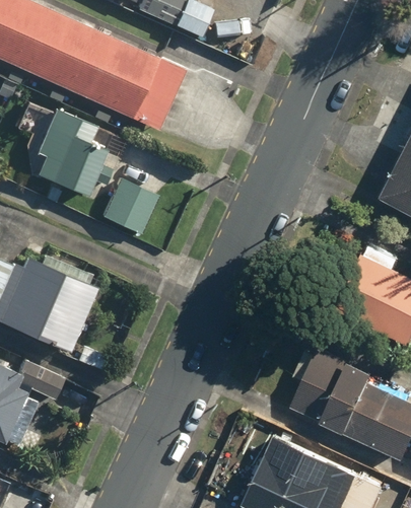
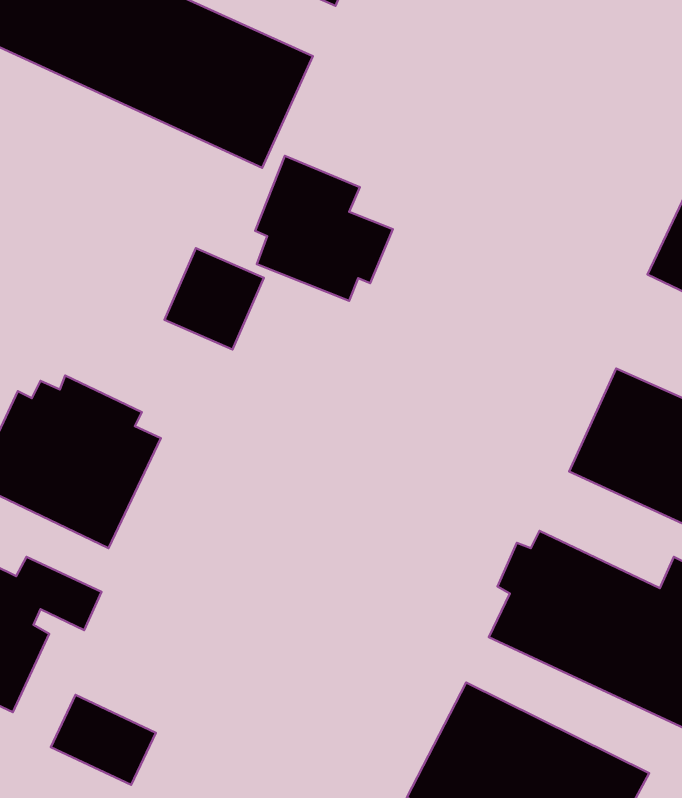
building: [37,114,117,198] -> [255,156,393,301]
building: none -> [51,695,156,785]

